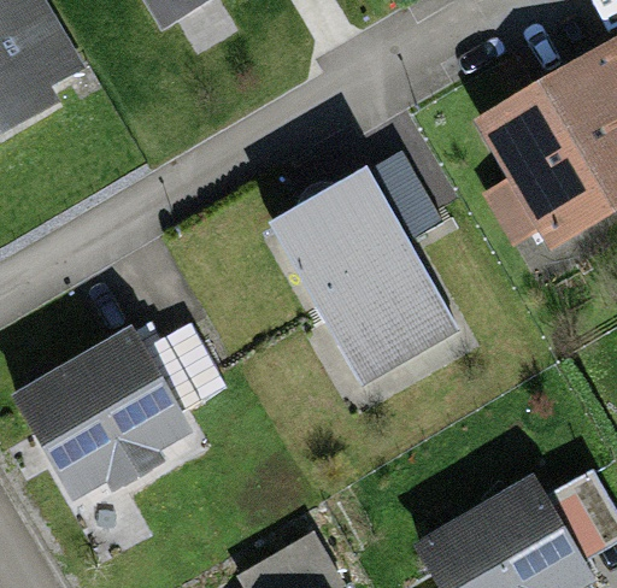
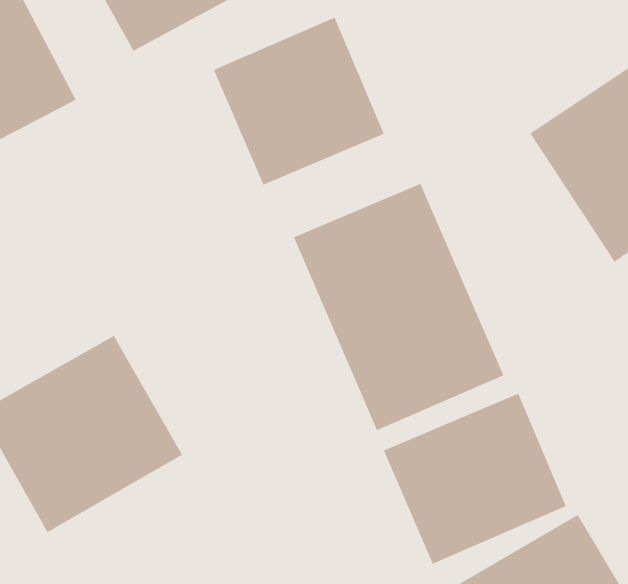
building: none -> [213,17,384,186]
building: none -> [383,393,566,564]

